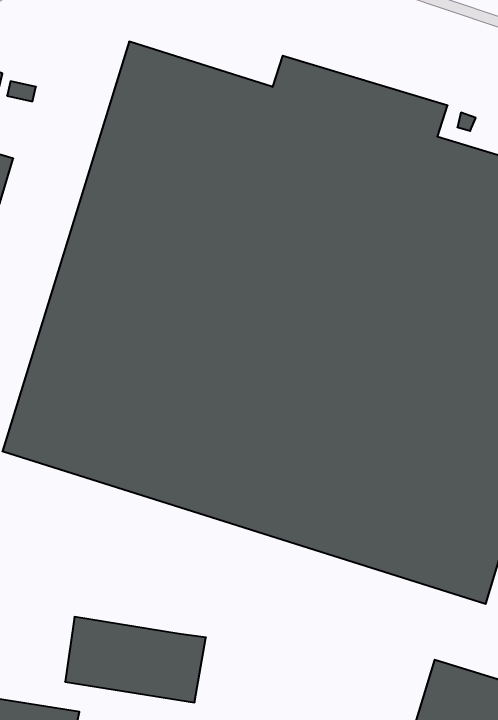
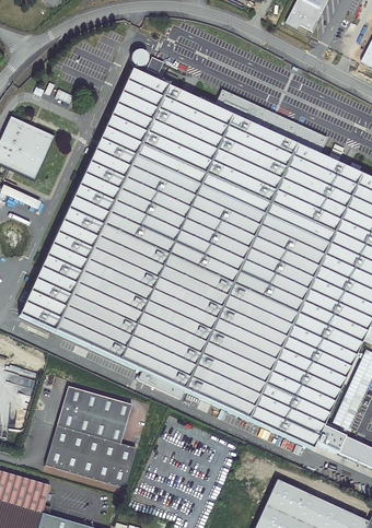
building: none -> [55,385,130,443]

